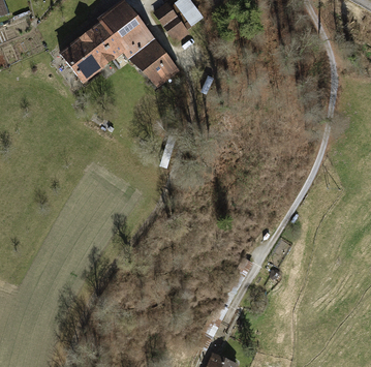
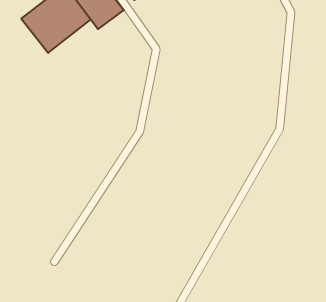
building: [135,47,182,90] -> none

